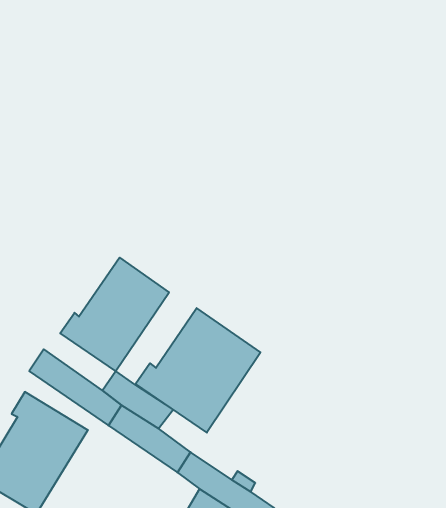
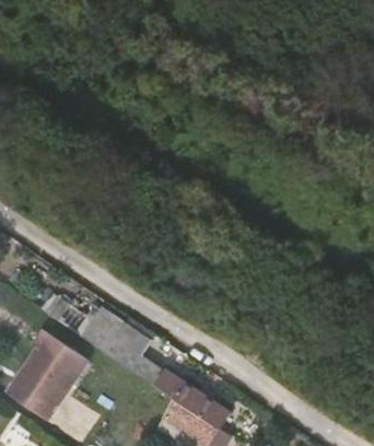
building: [60,258,169,371] -> none
building: [136,308,260,433] -> none

